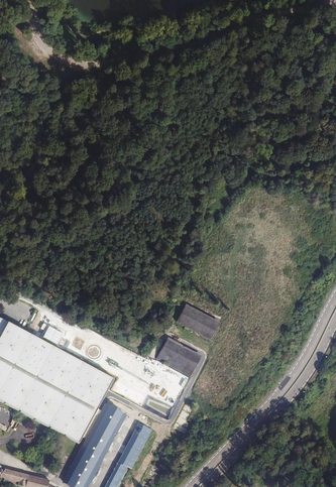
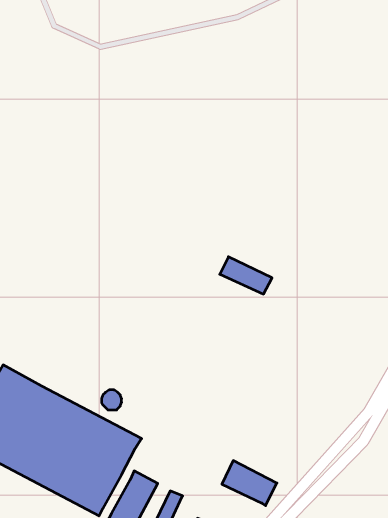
building: [175,305,217,335] -> [220,257,272,294]
building: [155,338,200,374] -> [222,461,277,506]

